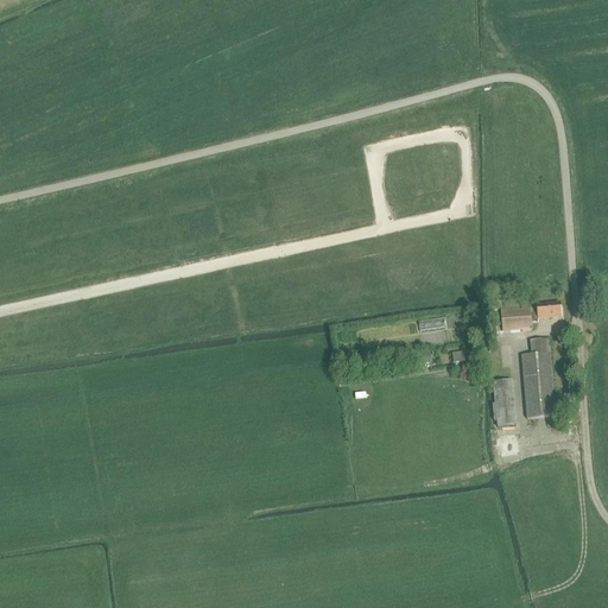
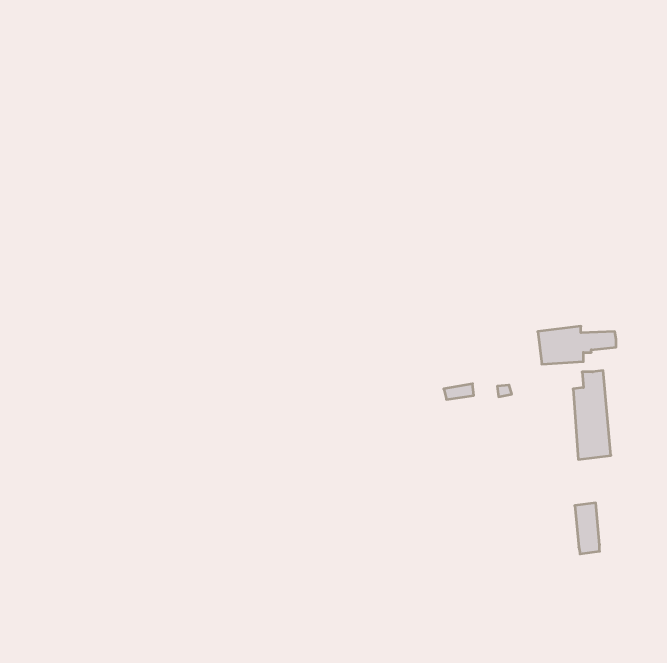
building: [493,379,515,425] -> [575,503,600,554]

